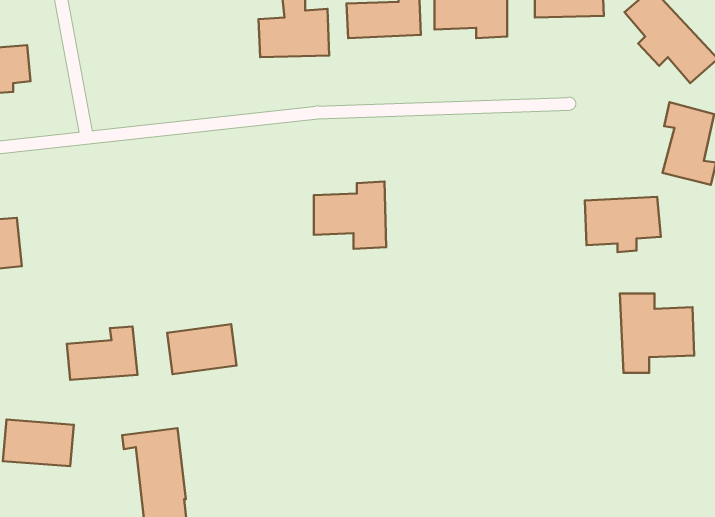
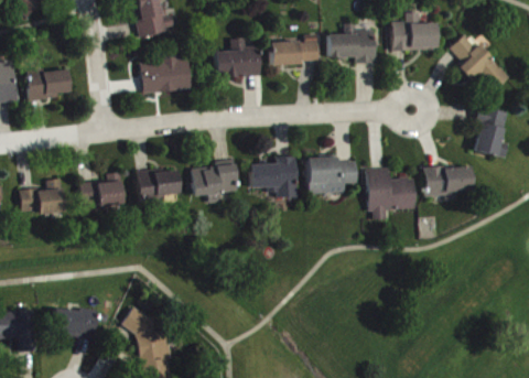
building: none -> [140,48,192,94]
building: none -> [307,156,357,194]
building: none -> [192,160,237,203]
building: [620,293,694,373] -> [367,169,414,219]
building: [167,324,236,374] -> [136,168,180,199]
building: [67,326,138,380] -> [78,172,123,206]

